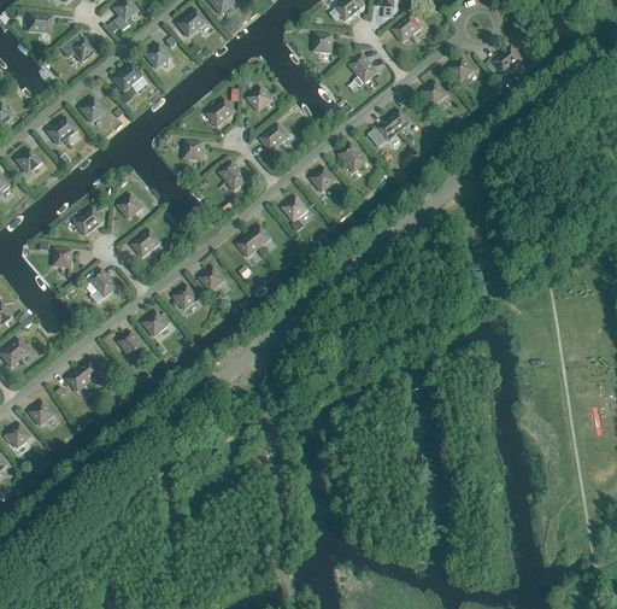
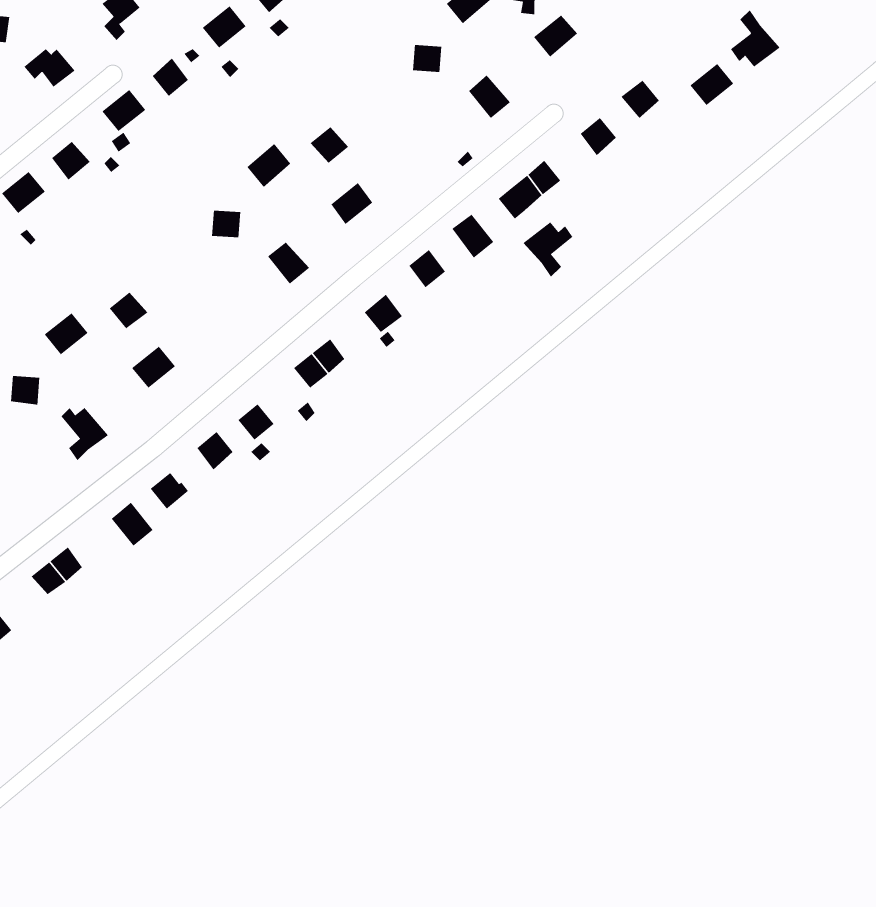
building: none -> [730,10,781,67]
building: none -> [522,221,573,277]

